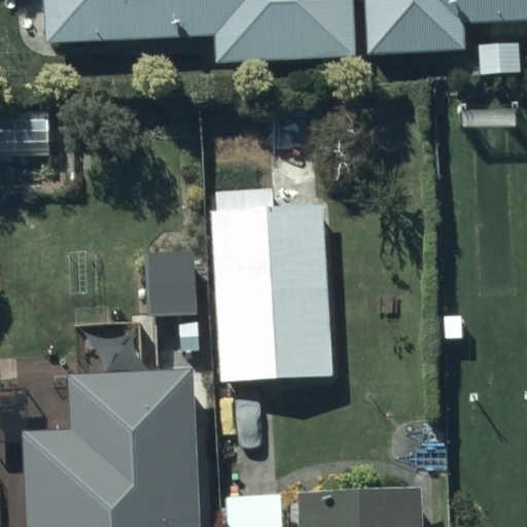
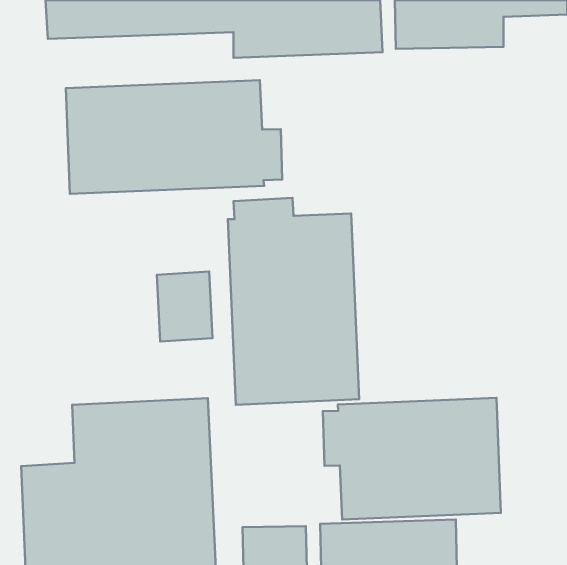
building: none -> [66,80,282,194]
building: none -> [323,398,501,519]

